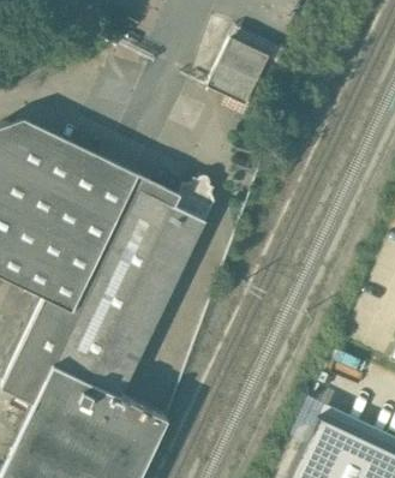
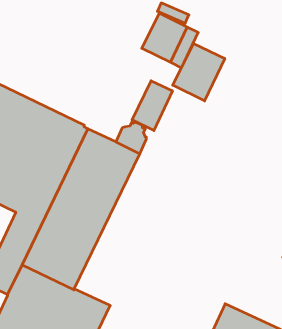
building: none -> [173,44,225,101]
building: none -> [132,81,172,131]

